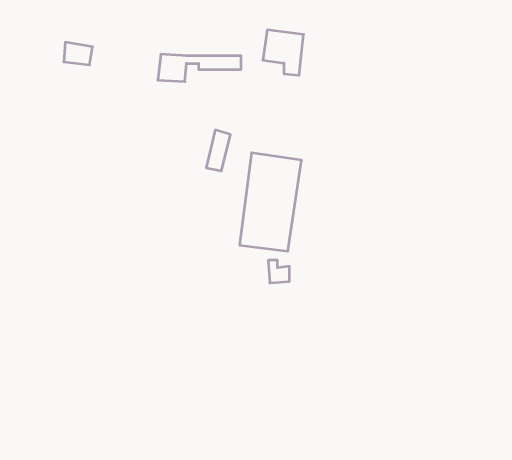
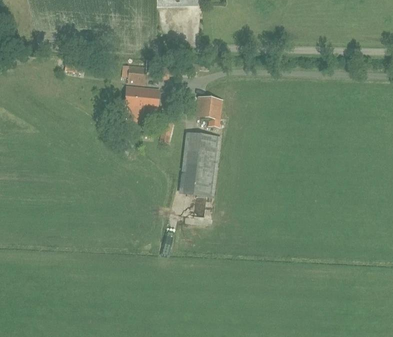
building: [263,30,304,75] -> [195,97,222,127]
building: none -> [124,87,158,113]

